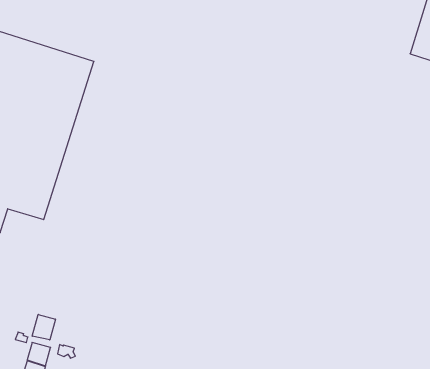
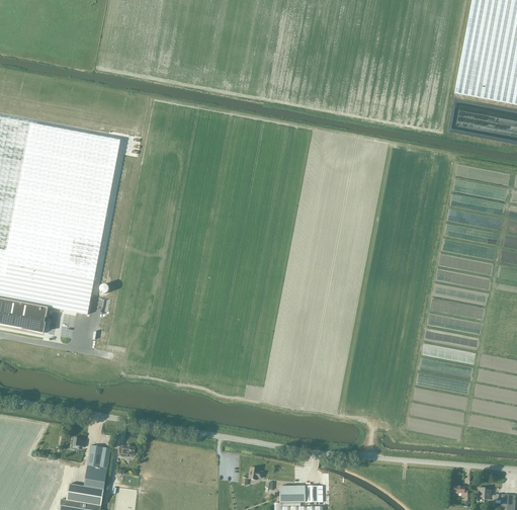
building: [32,314,55,340] -> none

